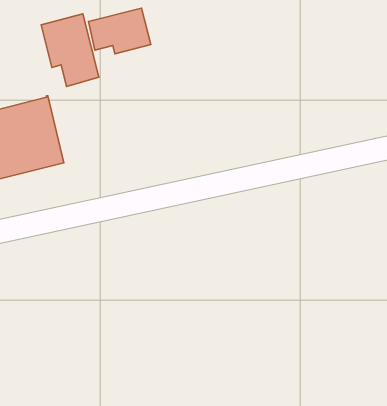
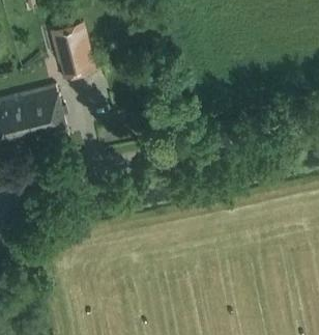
building: [89,8,151,54] -> none

